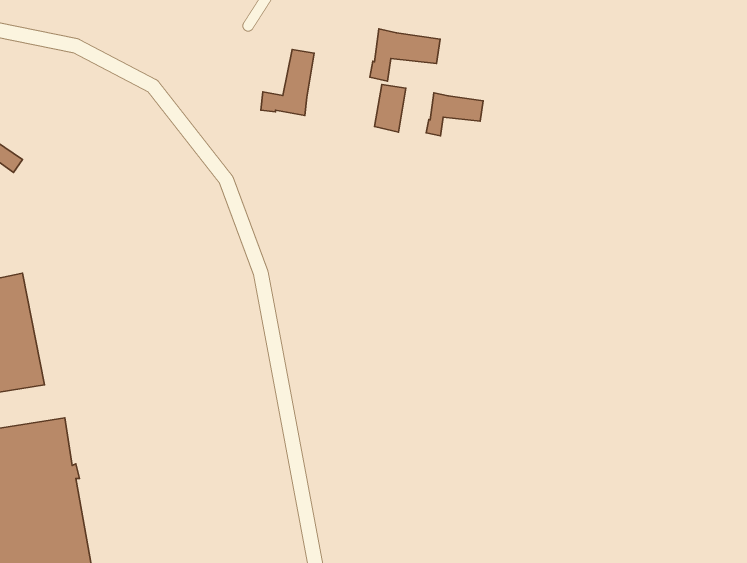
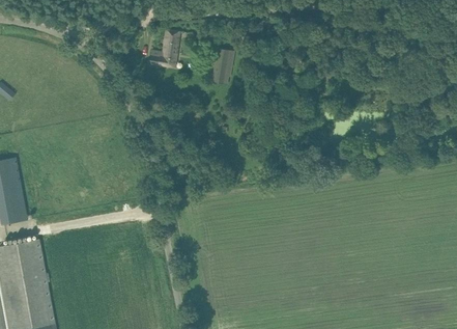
building: [370,29,440,81] -> none
building: [426,93,483,136] -> none

